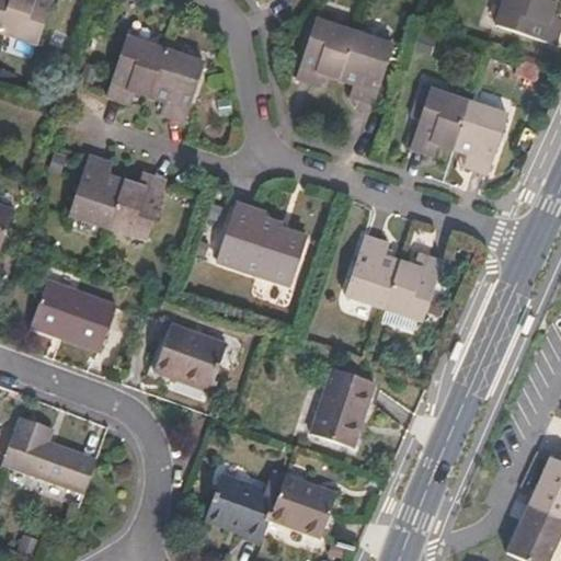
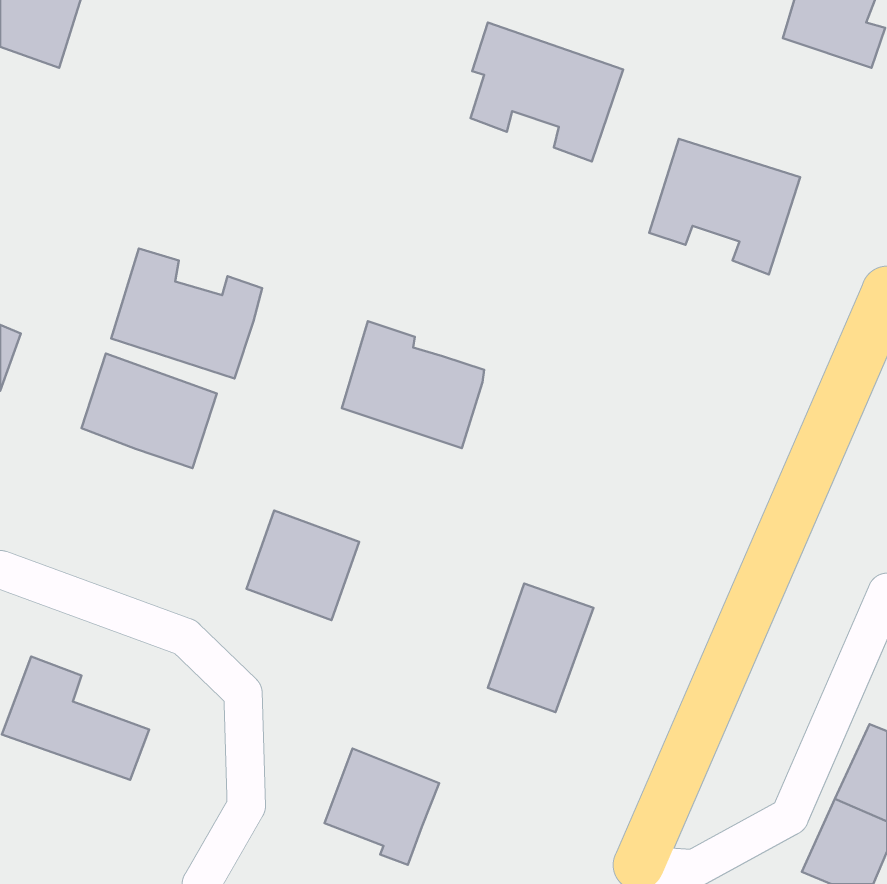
building: [106,37,204,121] -> none
building: [344,234,442,320] -> none
building: [32,278,117,351] -> [82,353,217,468]
building: [266,478,333,540] -> none

